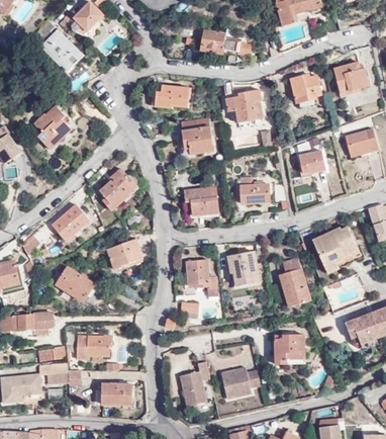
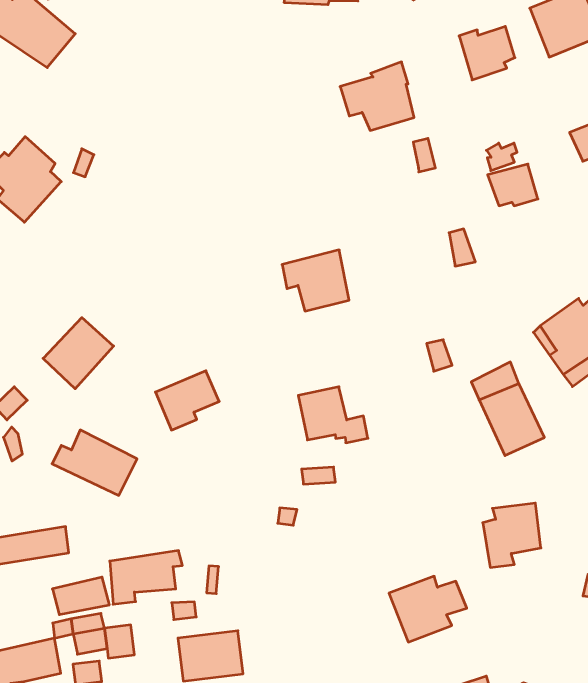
building: [157,85,189,109] -> none
building: [181,118,213,156] -> none
building: [86,168,135,210] -> none
building: [242,183,270,203] -> none
building: [228,248,259,284] -> none
building: [178,360,209,406] -> none

